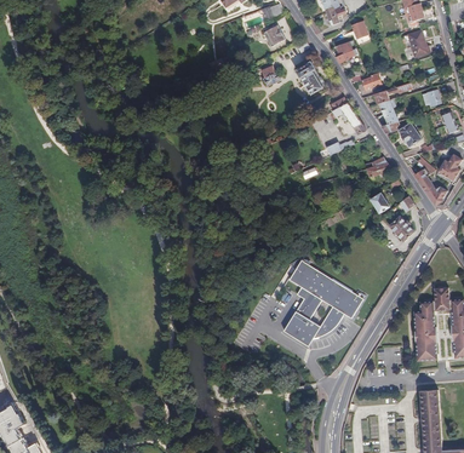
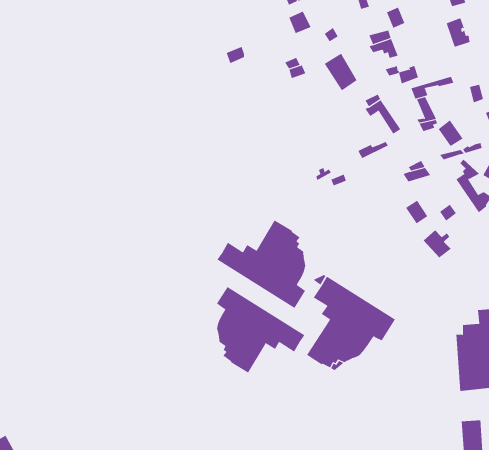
building: none -> [216,219,306,309]
building: none -> [216,286,305,374]

